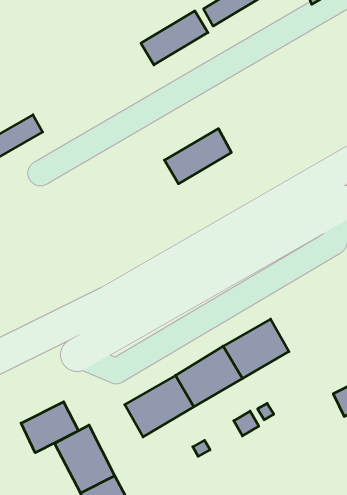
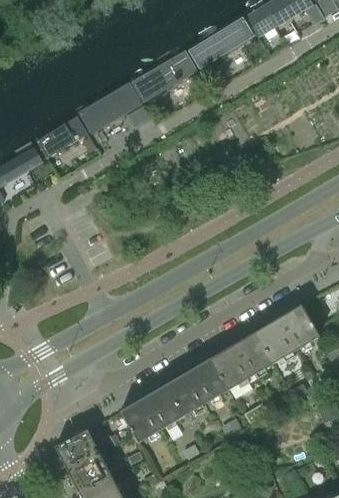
building: none -> [39,112,92,154]
building: [164,129,231,184] -> [83,78,145,129]
building: none -> [256,305,319,362]
building: [21,402,78,453] -> none

